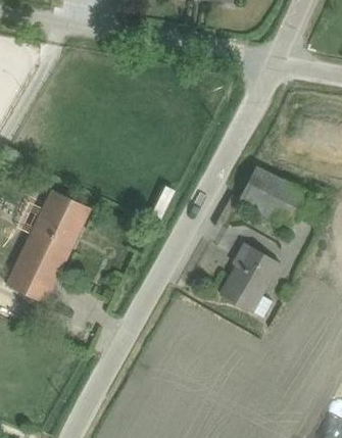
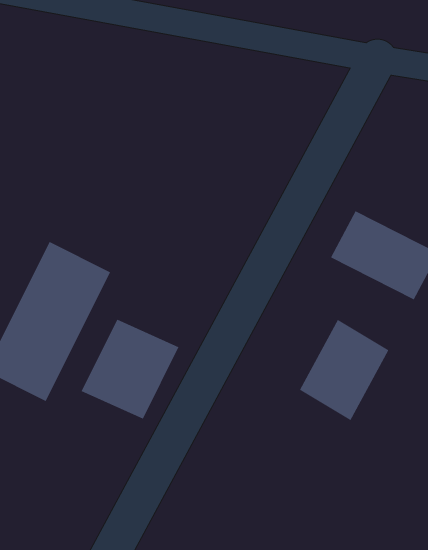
building: none -> [81,319,179,419]

